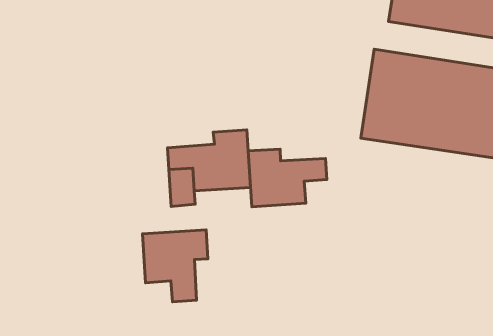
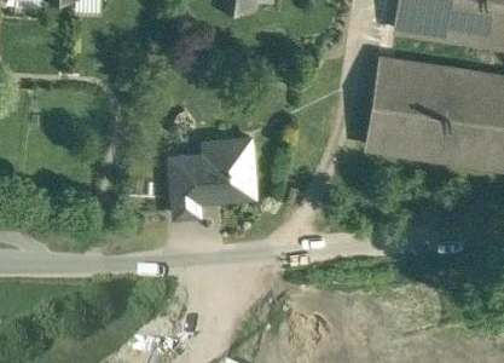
building: [248,149,327,207] -> none
building: [142,230,208,302] -> none

